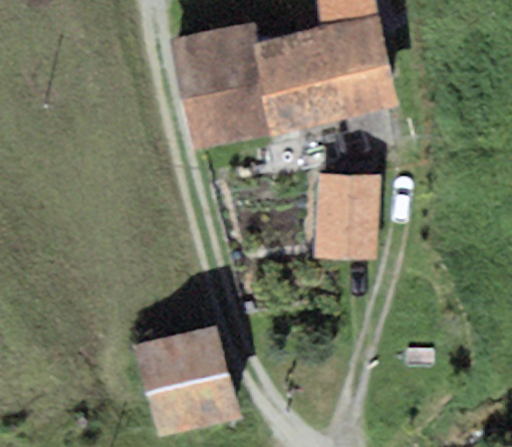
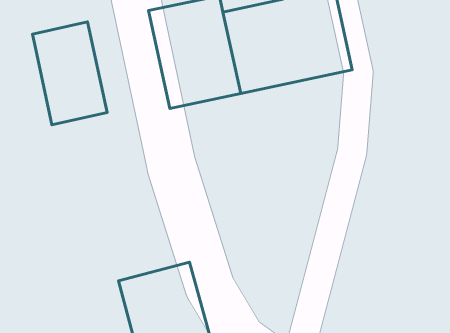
building: none -> [32,22,107,125]
building: [314,172,378,259] -> none

